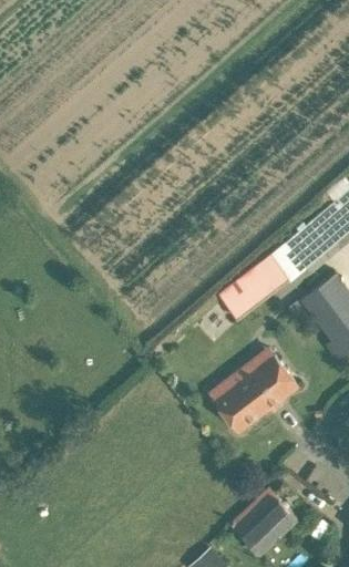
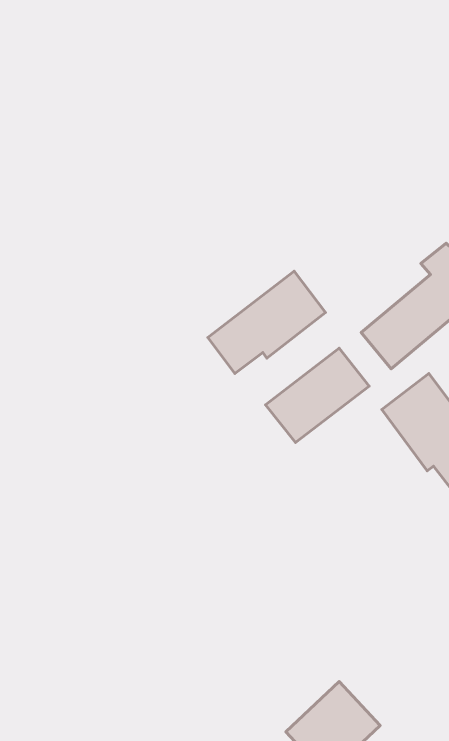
building: none -> [208,271,325,373]
building: [209,351,296,433] -> none

